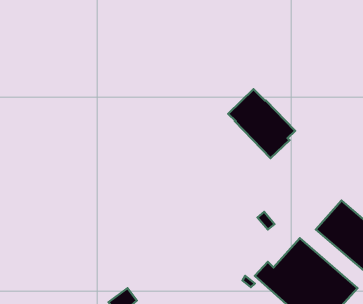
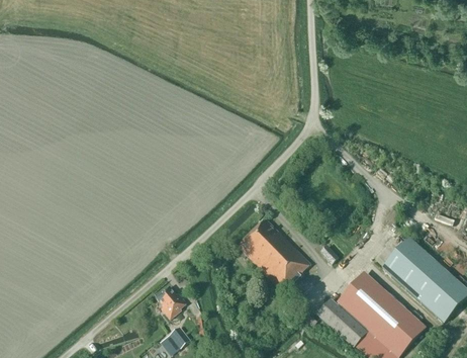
building: [228,89,295,158] -> [239,218,310,292]
building: none -> [157,285,187,318]

